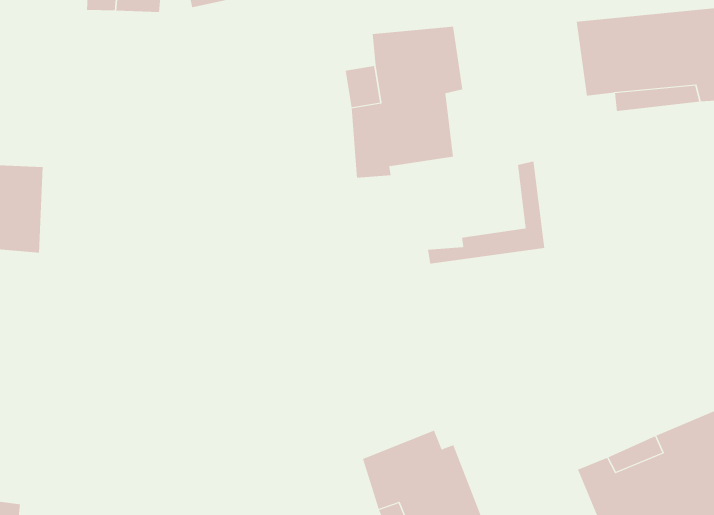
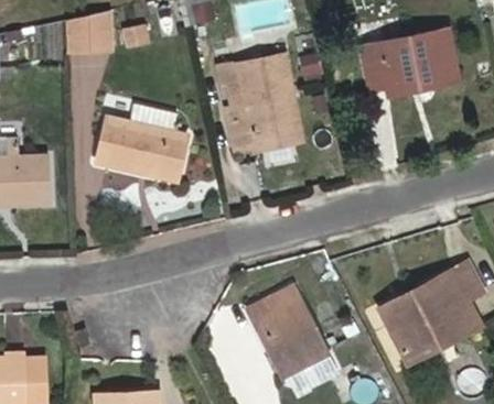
building: none -> [92,113,184,182]
building: [427,161,545,264] -> [234,88,304,155]

